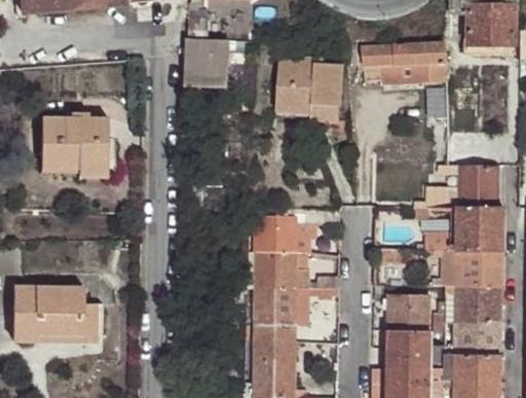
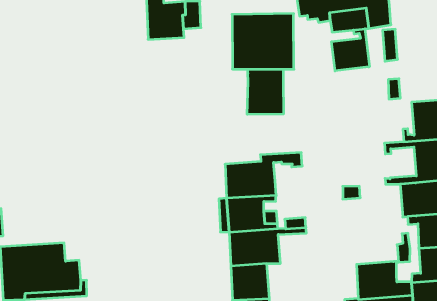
building: none -> [332,29,369,71]
building: [42,115,108,172] -> none
building: none -> [247,69,283,114]
building: [388,294,428,332] -> none

